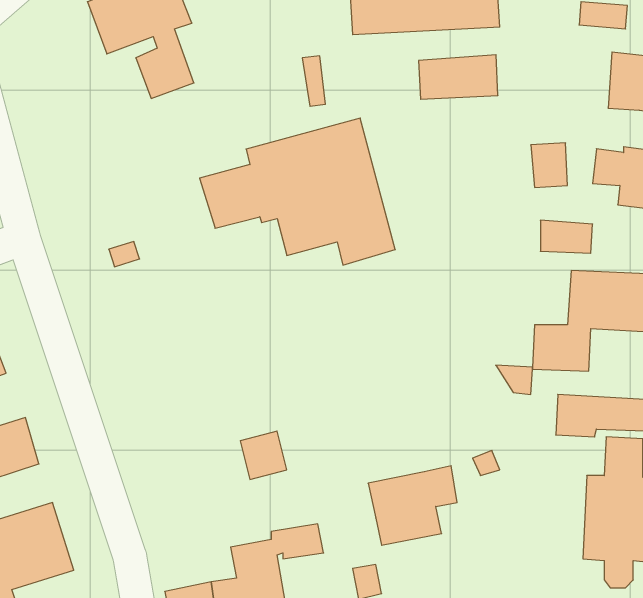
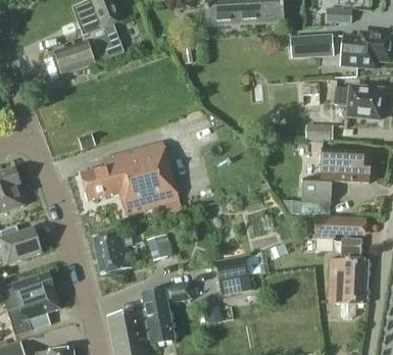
building: [419,55,498,99] -> [290,33,332,56]
building: none -> [54,40,95,72]
building: [200,118,395,265] -> [78,141,181,218]
building: none -> [92,229,130,272]

